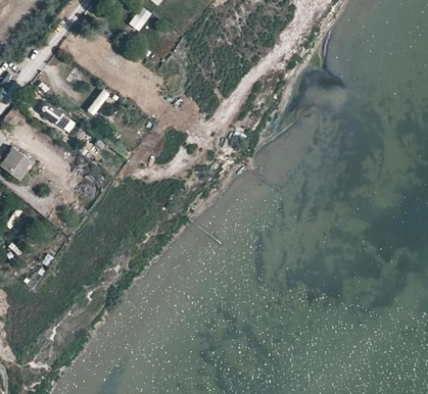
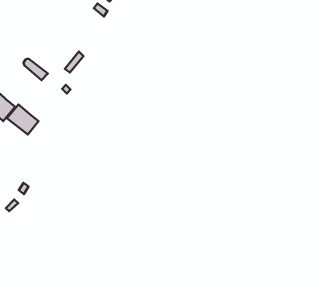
building: none -> [7,105,38,135]

